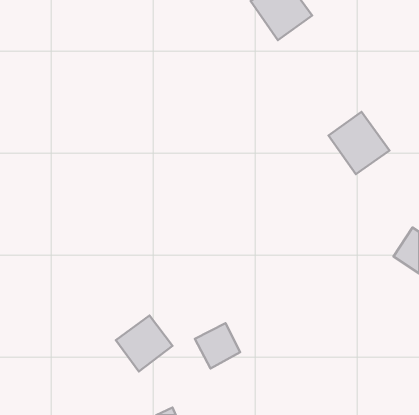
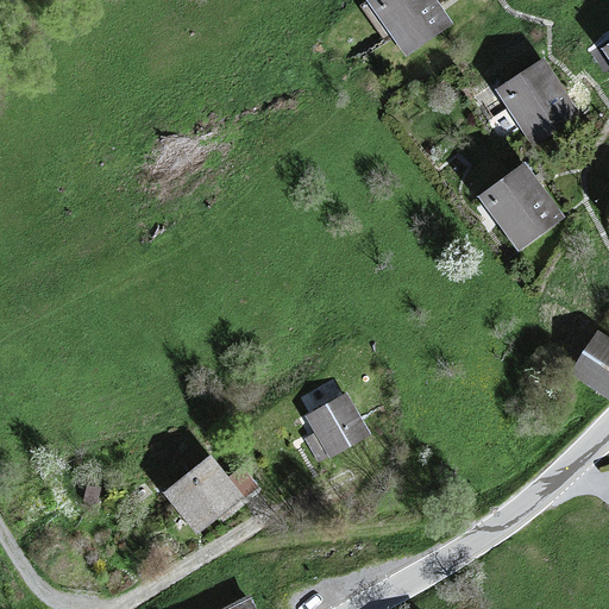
building: none -> [495,55,583,144]
building: [195,323,240,368] -> [303,391,369,457]

